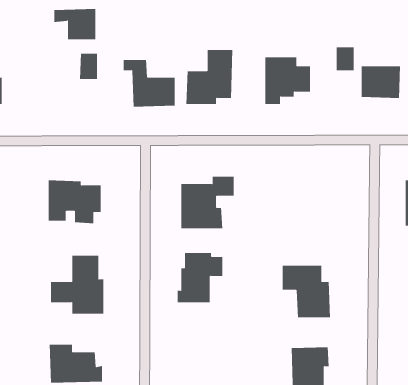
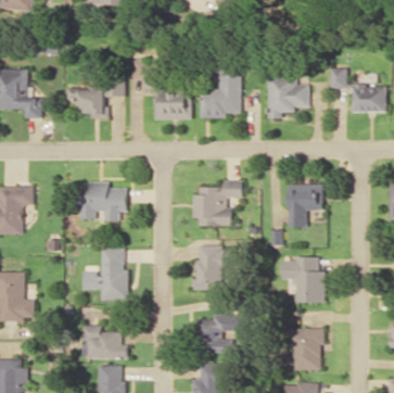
building: [54,9,96,40] -> [66,89,103,116]
building: none -> [288,183,322,228]
building: none -> [196,315,245,353]

